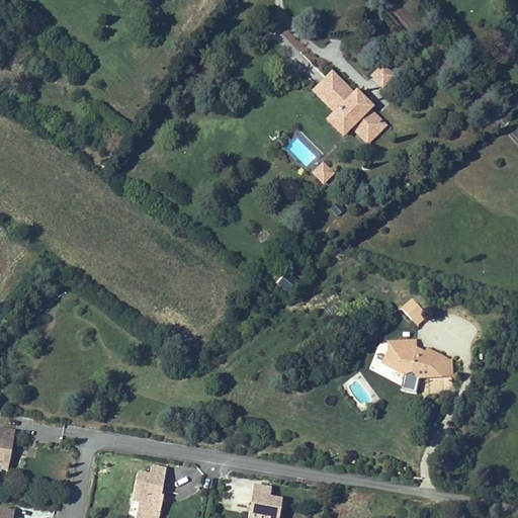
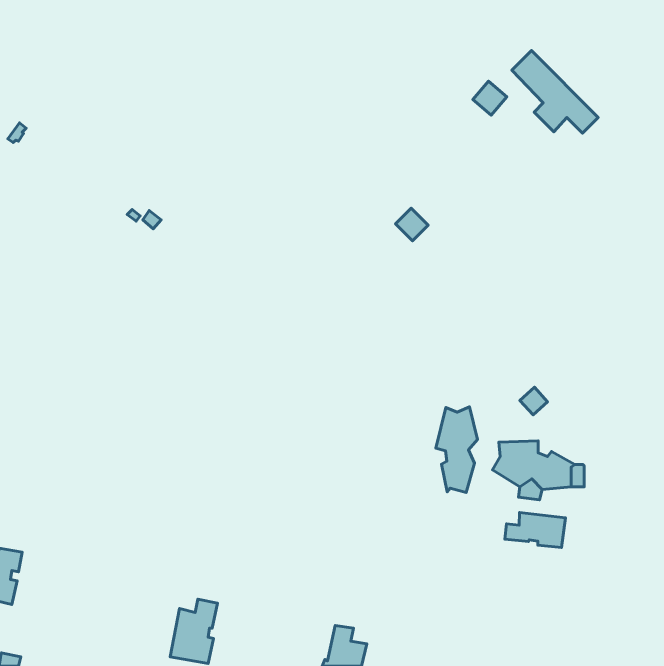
building: [311,69,377,133] -> [512,51,598,133]
building: none -> [436,407,477,493]
building: none -> [505,512,565,548]

